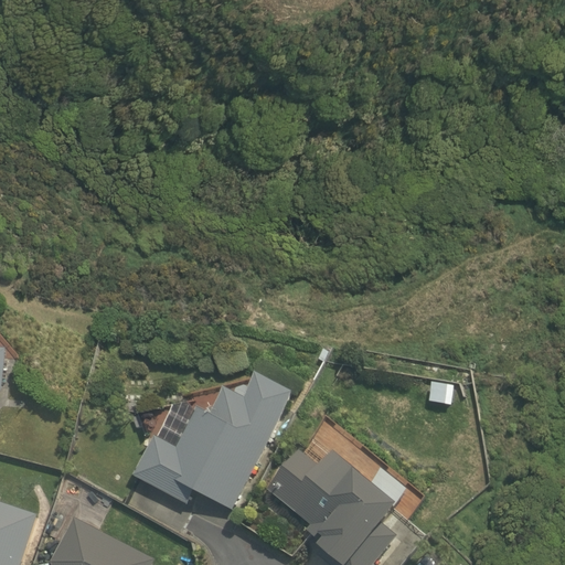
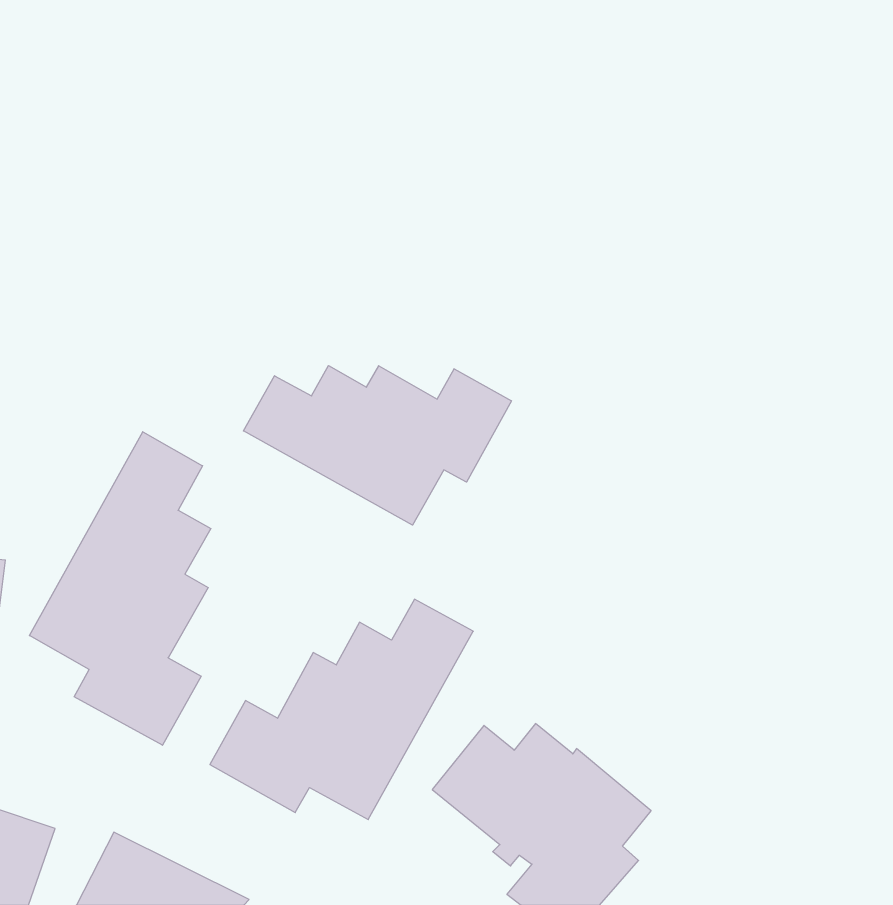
building: none -> [243,366,511,525]
building: none -> [29,432,211,745]

